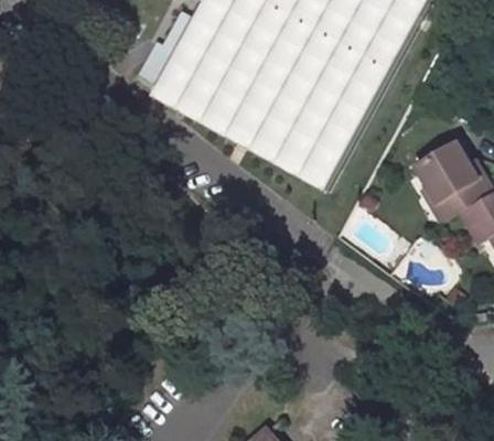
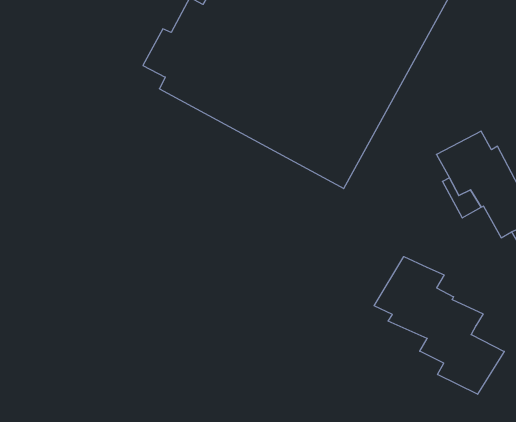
building: none -> [374,257,504,394]

